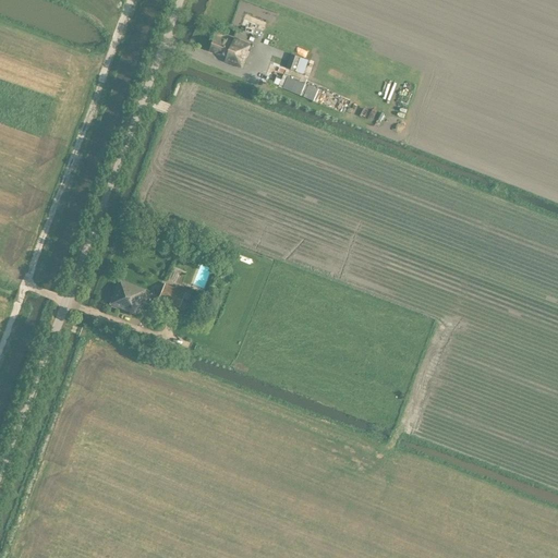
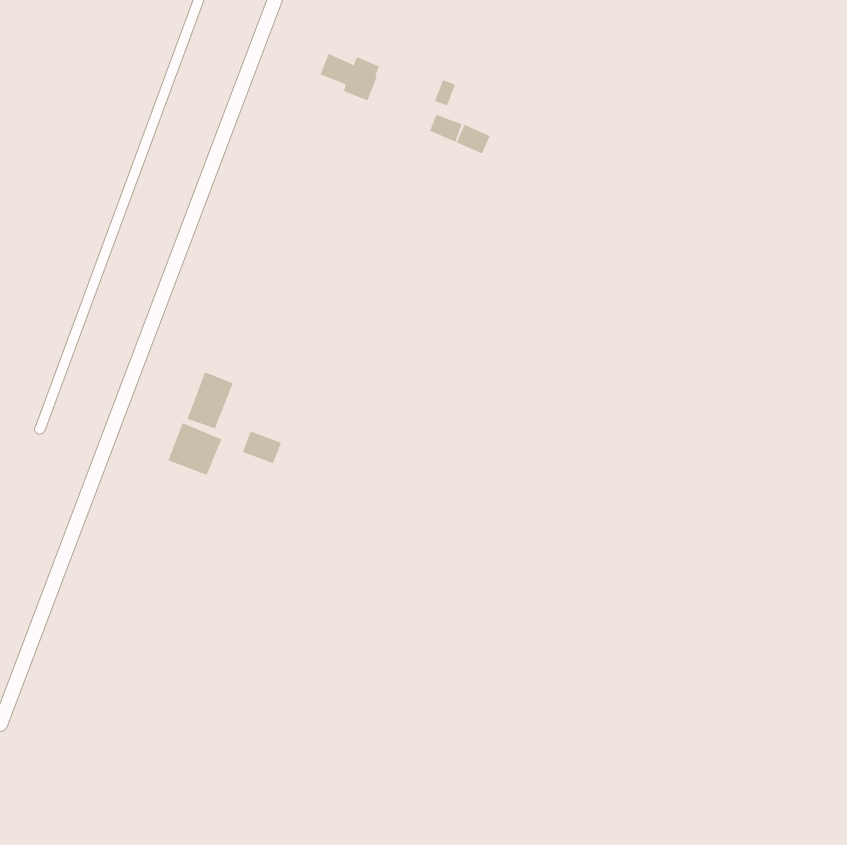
building: none -> [187,372,234,429]

